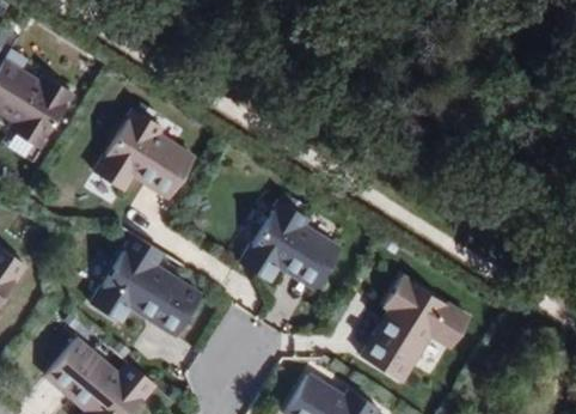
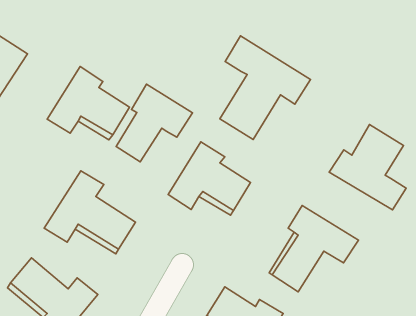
building: none -> [220,36,311,139]
building: none -> [116,84,192,162]
building: none -> [329,125,406,210]

